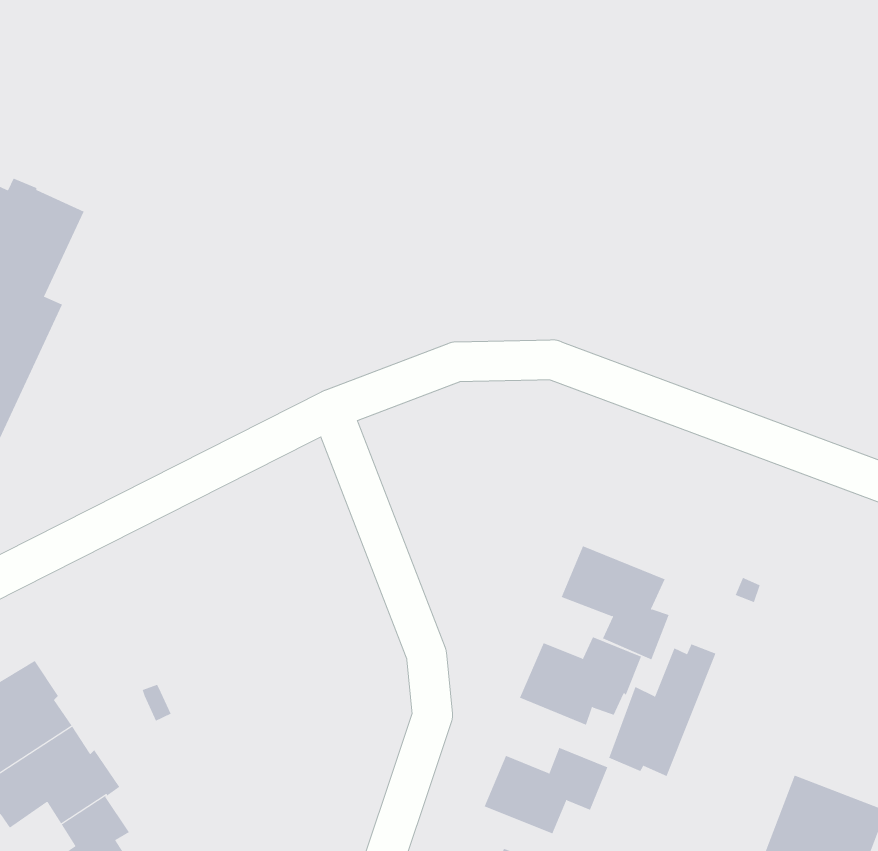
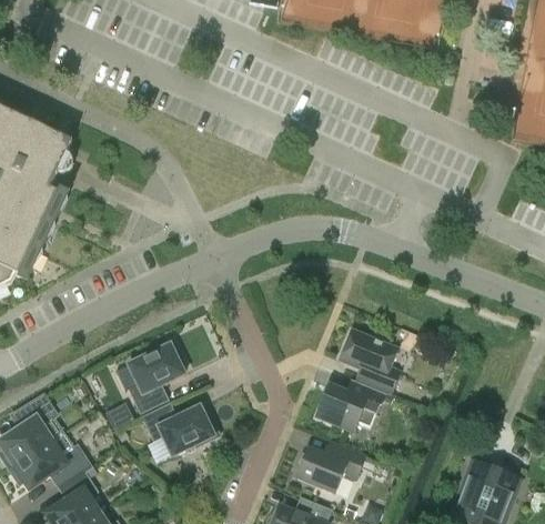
building: none -> [128,340,184,411]
building: [608,643,716,777] -> none
building: none -> [142,403,219,455]

